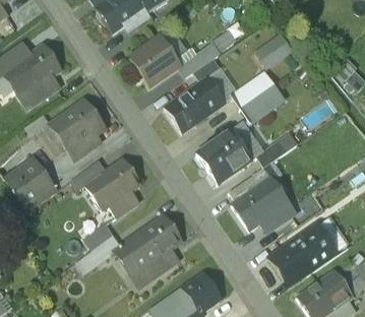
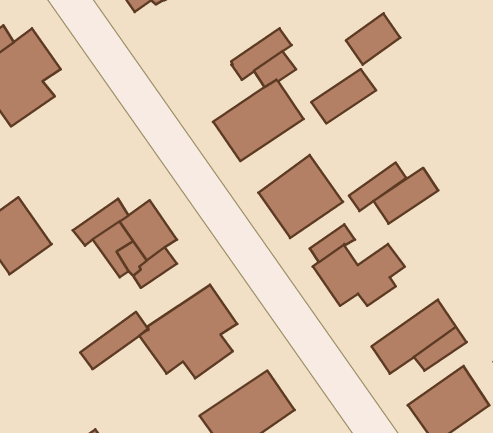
building: [130,38,179,86] -> none
building: [242,84,286,122] -> [373,168,438,224]
building: [51,101,102,158] -> none

